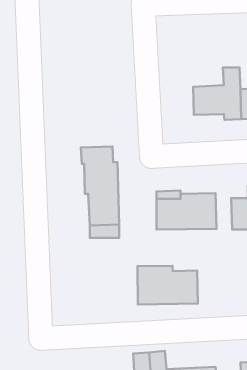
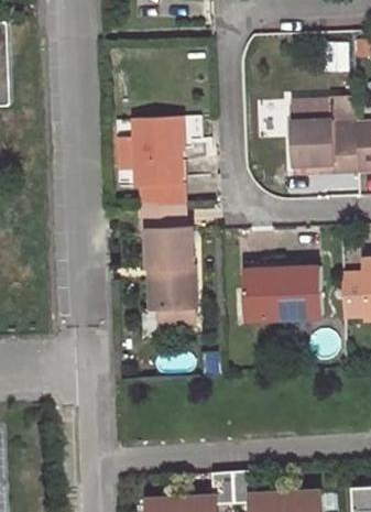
building: none -> [290,99,331,124]
building: none -> [134,115,184,205]
building: [137,266,198,304] -> none

